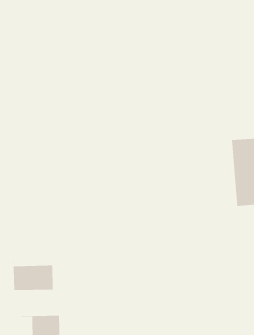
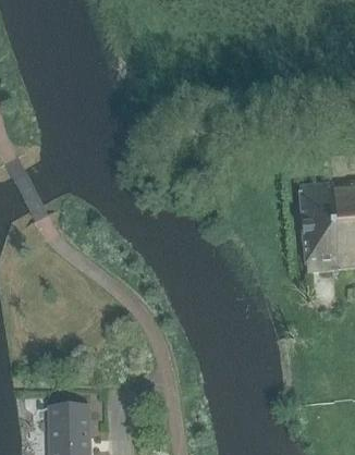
building: [13,257,58,291] -> none

